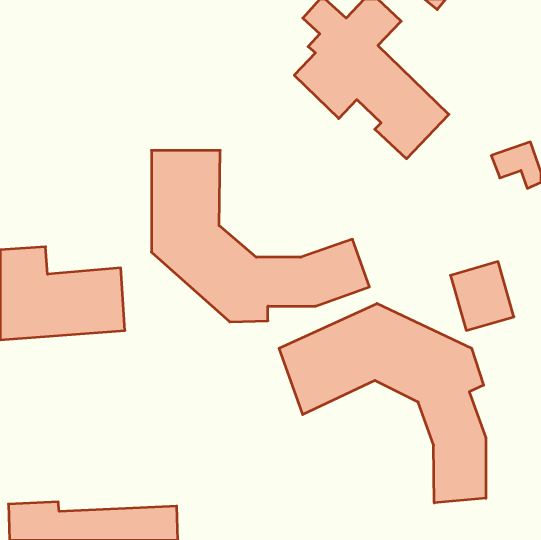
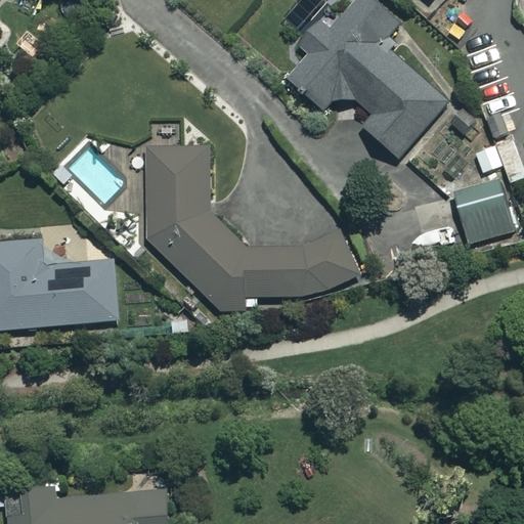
building: [450,262,514,330] -> [453,177,515,244]
building: [279,303,486,503] -> none

